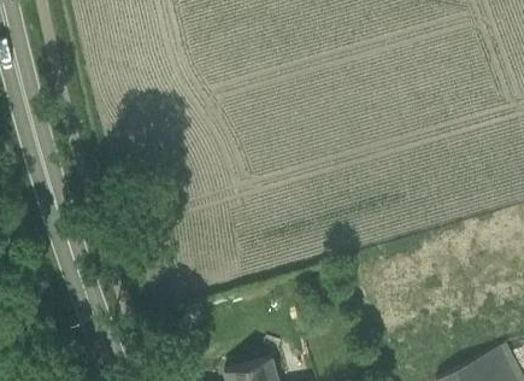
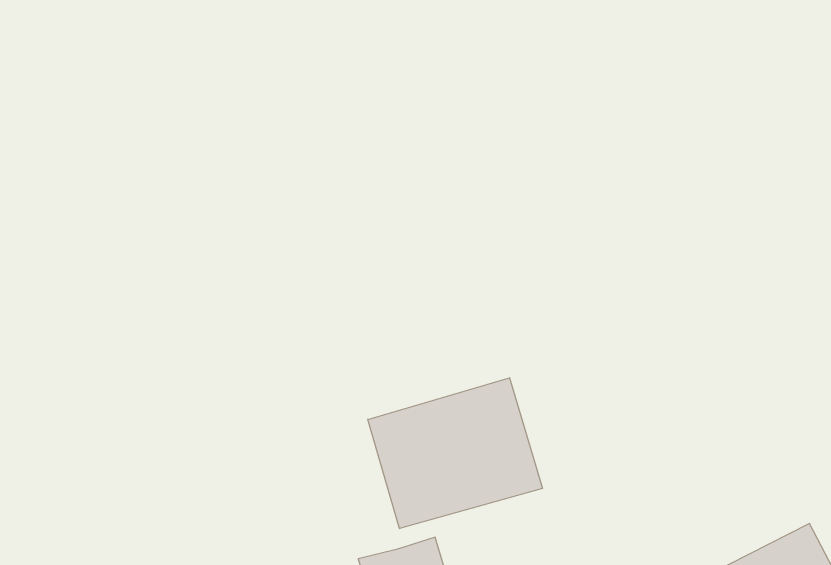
building: none -> [368,378,543,529]

